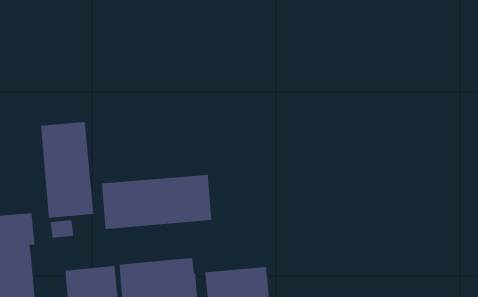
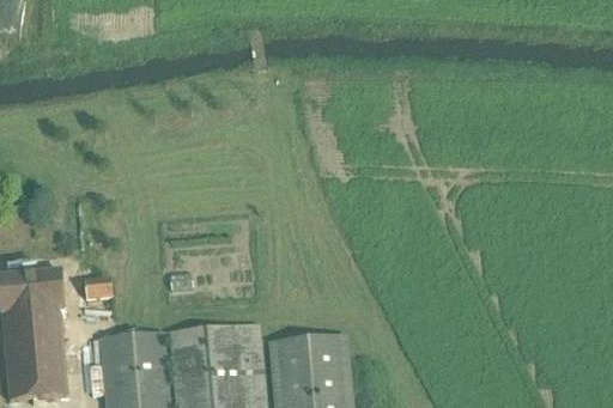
building: [40,121,94,218] -> none
building: [101,174,212,230] -> none

